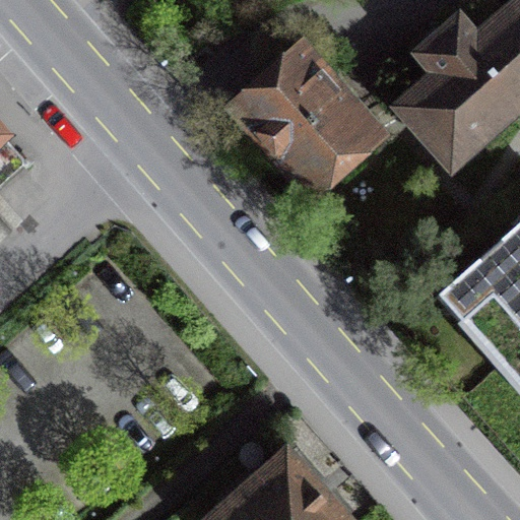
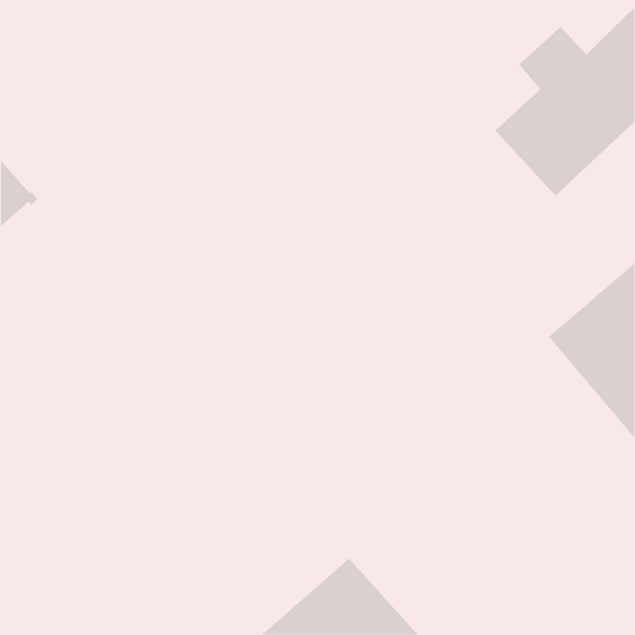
building: [240,51,374,187] -> none

